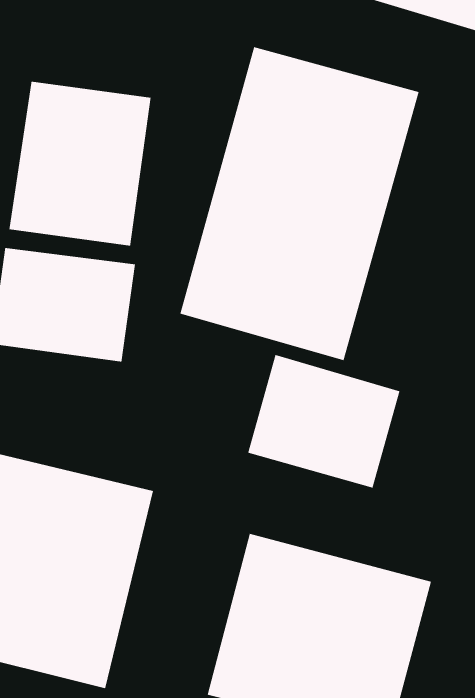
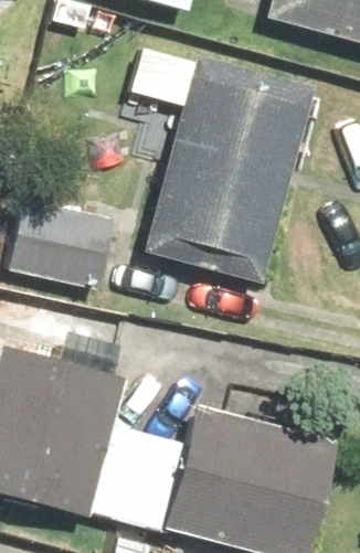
building: [9,81,151,247] -> none
building: [247,354,400,489] -> none

